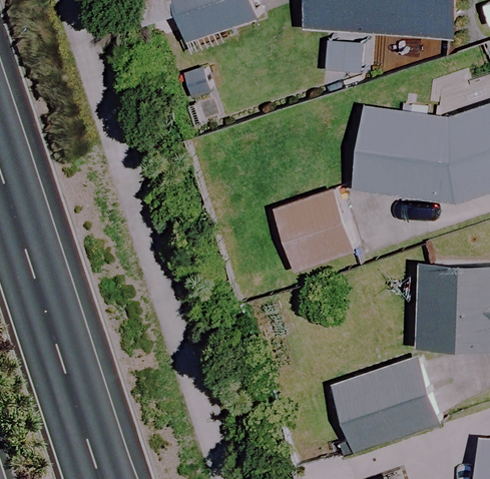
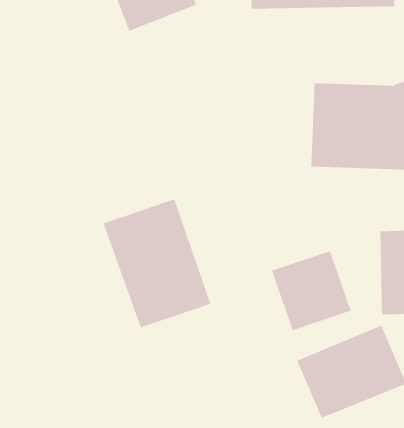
building: [274,192,352,271] -> [271,251,352,331]
building: none -> [103,198,211,328]

